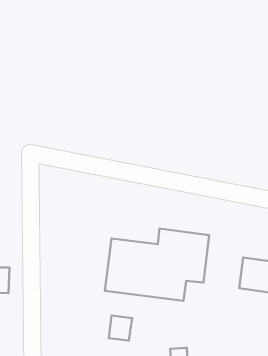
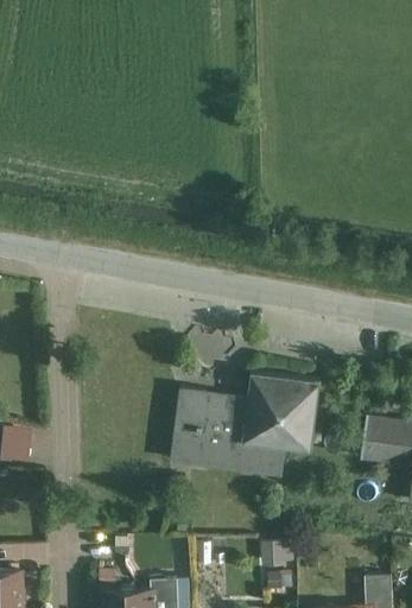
building: [109,316,132,340] -> none

